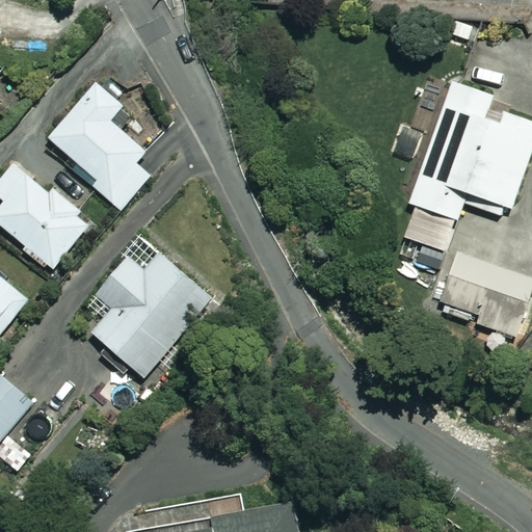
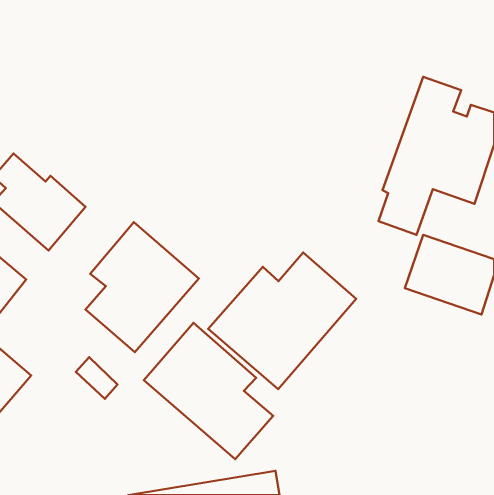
building: [49,83,150,212] -> none
building: none -> [208,253,356,389]
building: none -> [144,323,273,459]

